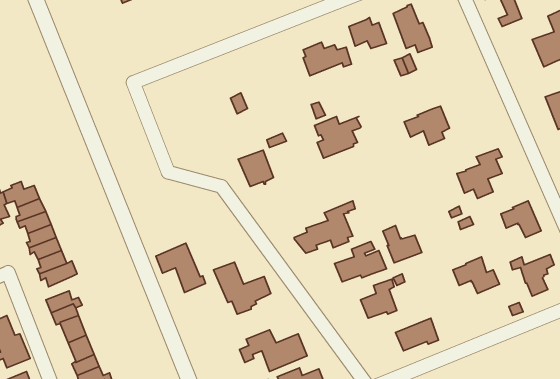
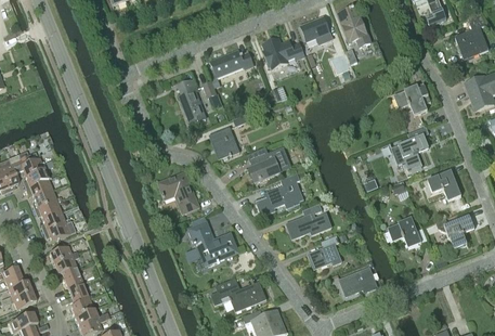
building: none -> [210,50,253,77]
building: none -> [180,79,206,125]
building: [404,106,450,145] -> [393,82,431,115]
building: [314,116,361,158] -> [247,146,286,181]
building: [383,225,422,263] -> none
building: [156,243,205,293] -> [158,172,199,214]

